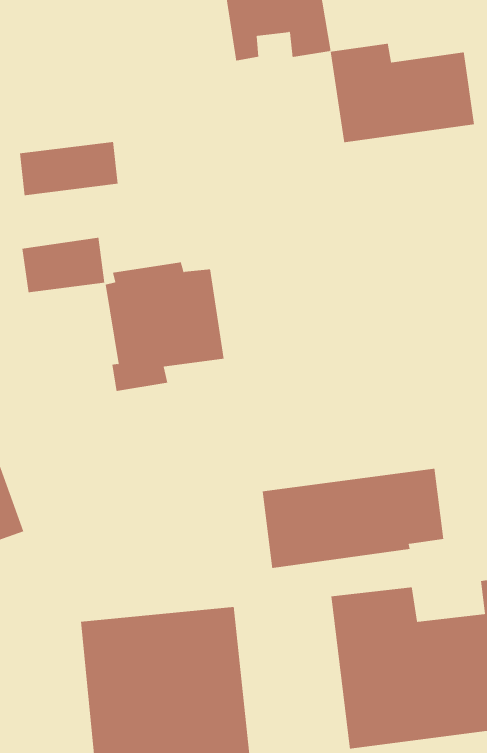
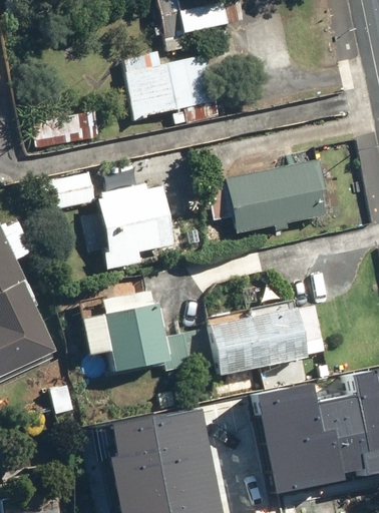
building: [330,43,475,143] -> [122,51,219,117]
building: none -> [207,157,327,237]
building: none -> [100,303,193,372]

